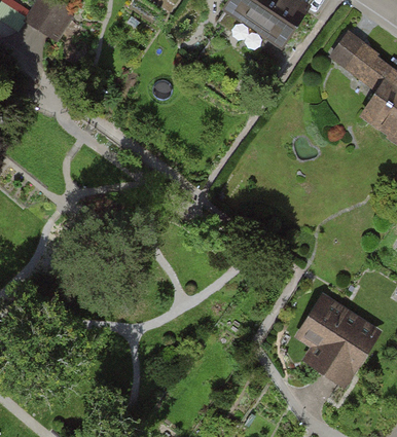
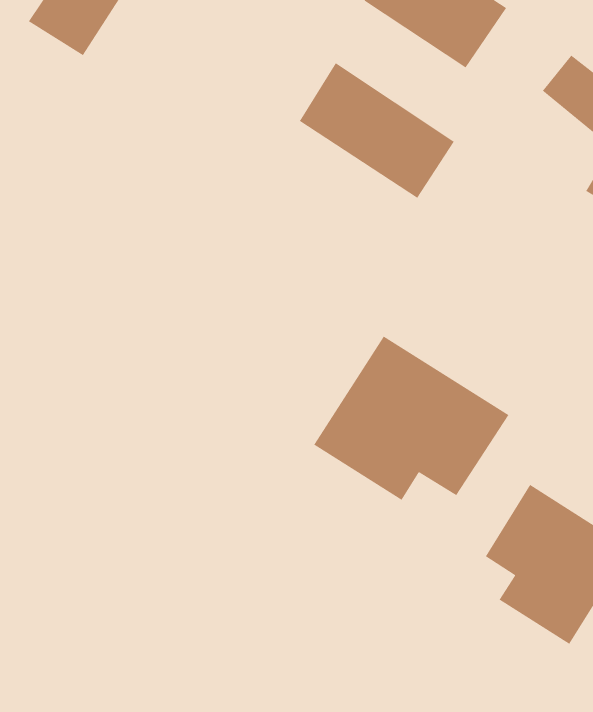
building: none -> [299,62,455,199]
building: none -> [313,335,510,501]

